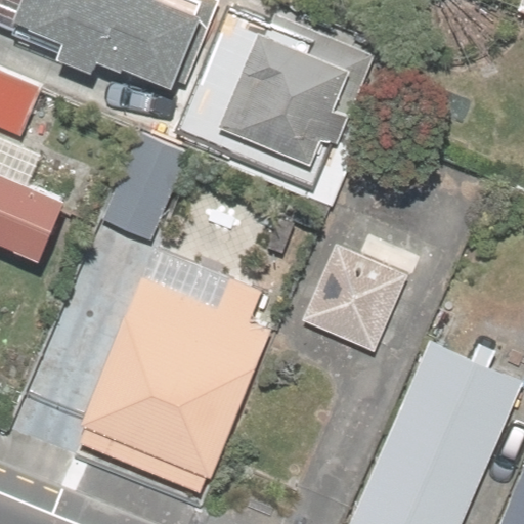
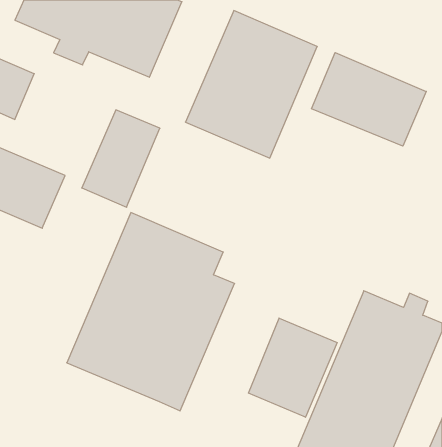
building: none -> [312,53,426,146]
building: [301,235,412,352] -> none
building: none -> [249,318,337,417]

